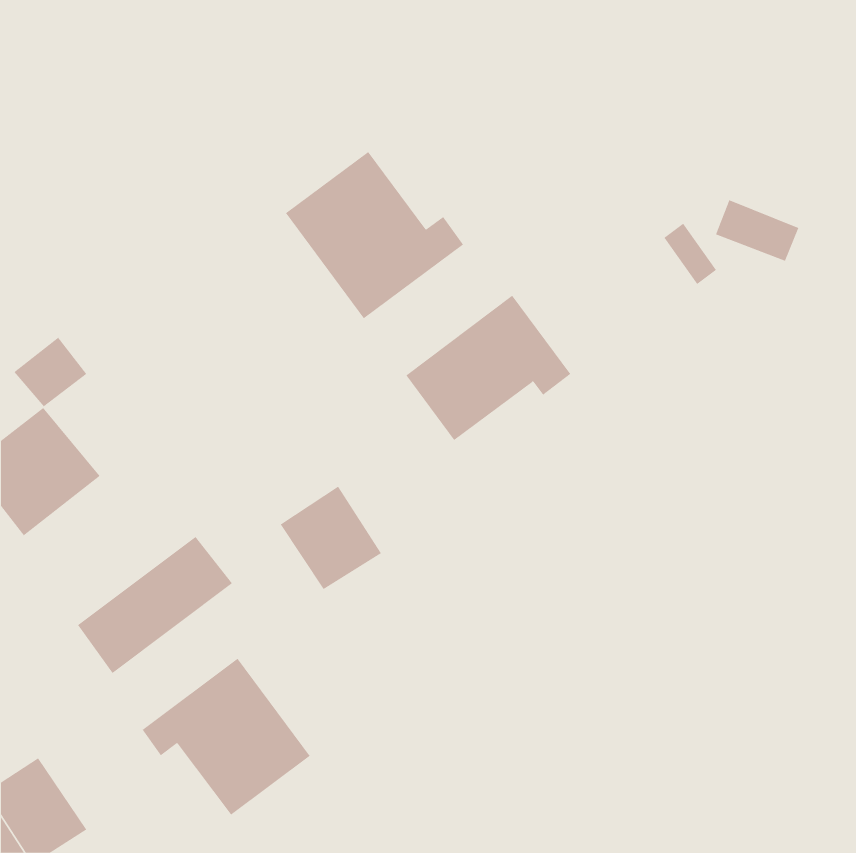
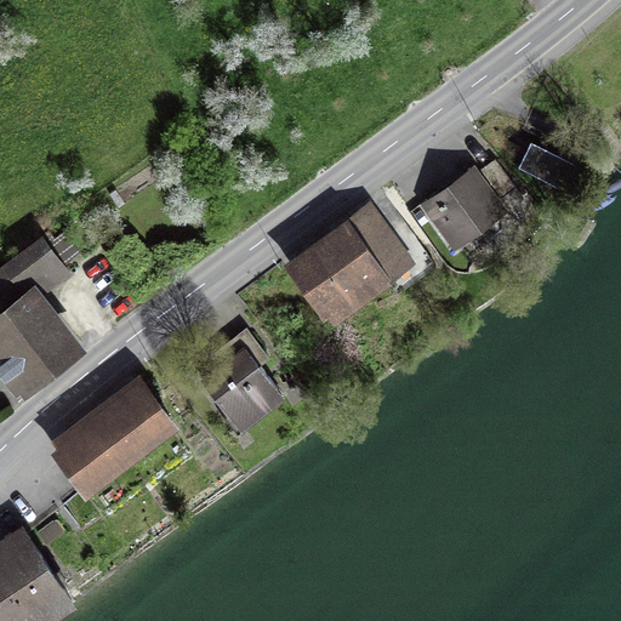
building: [285,151,464,319] -> none
building: none -> [432,175,498,241]
building: [142,658,310,816] -> none

